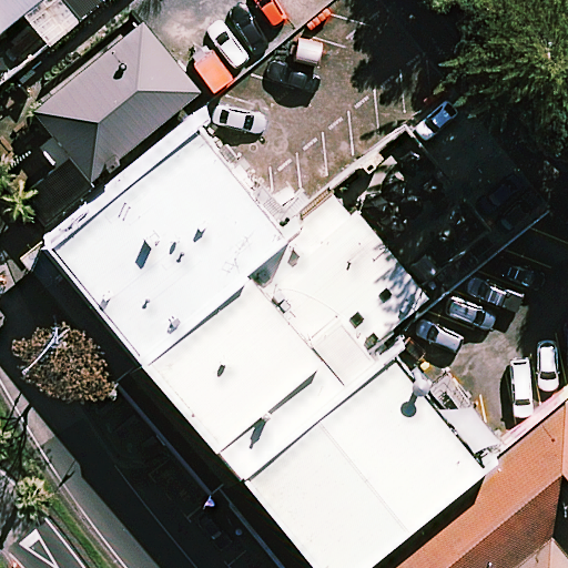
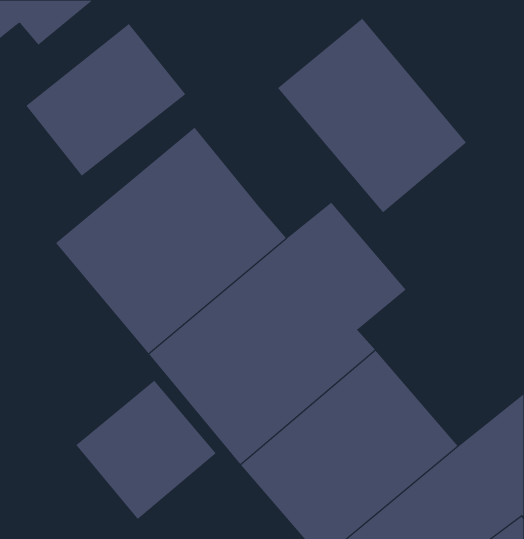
building: none -> [277,18,467,213]
building: none -> [76,380,216,520]

